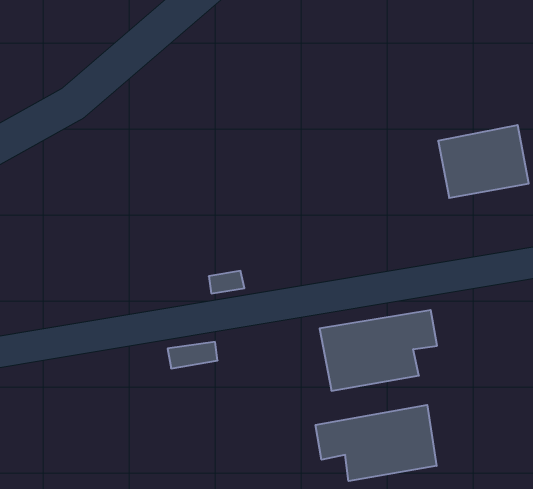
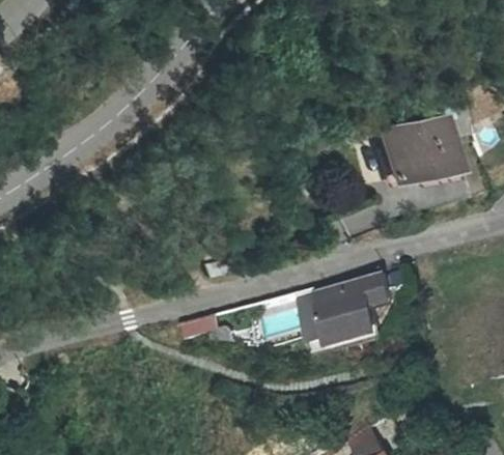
building: [316,405,437,481] -> none

